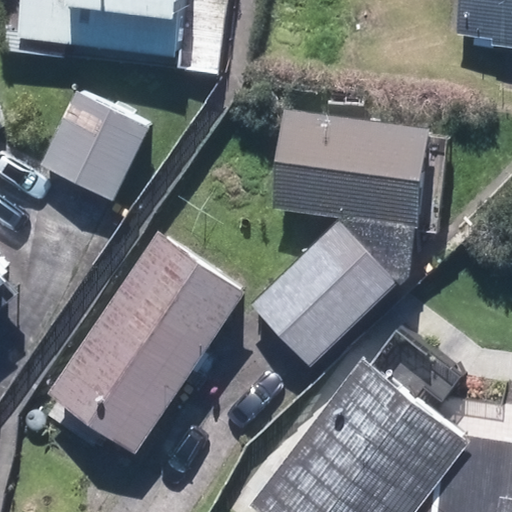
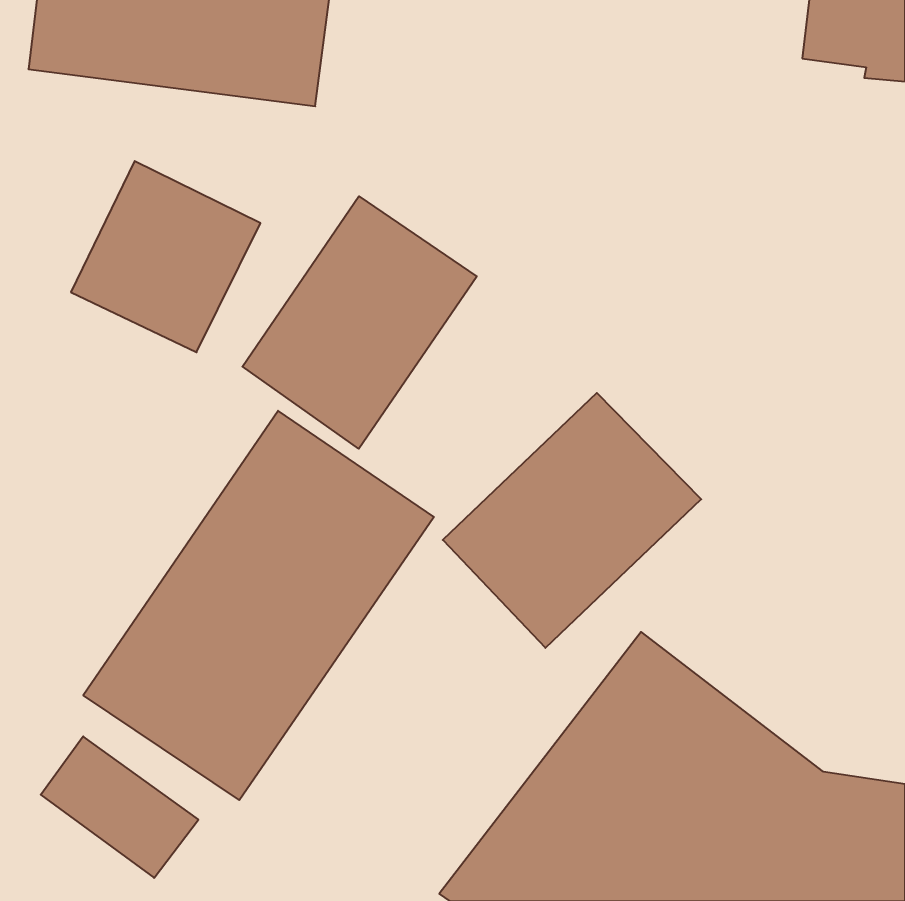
building: none -> [242,196,477,449]
building: [271,112,430,229] -> none

